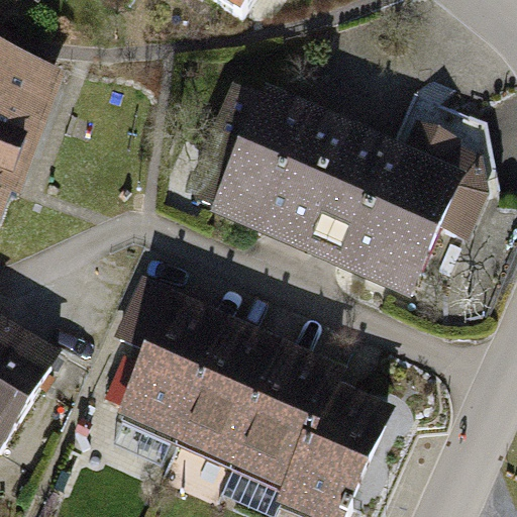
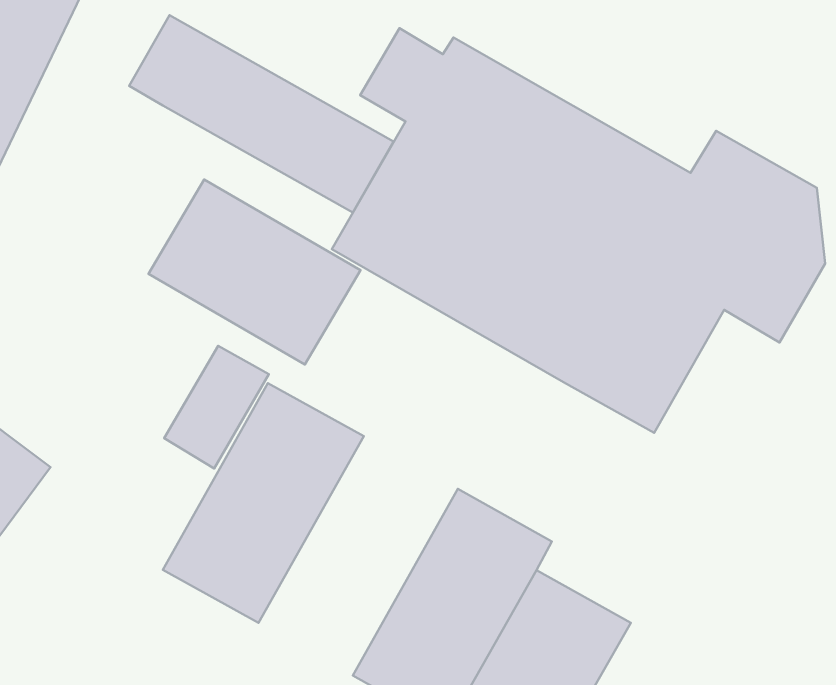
building: none -> [129,15,393,212]
building: none -> [149,179,361,365]
building: [184,318,289,454] -> none

